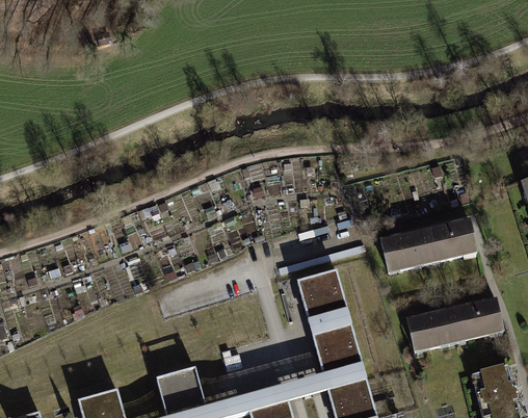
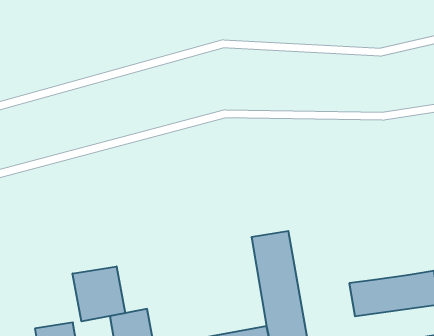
building: [380,218,477,275] -> none
building: none -> [73,266,125,321]

